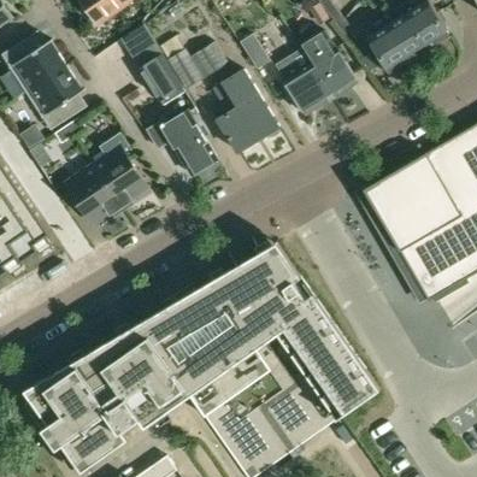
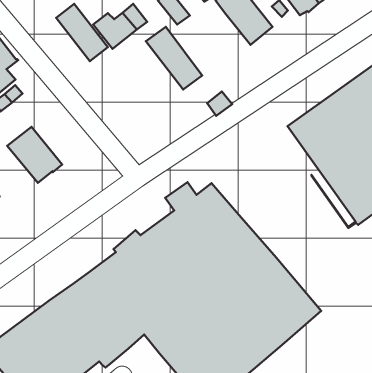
building: [275,54,331,114] -> none
building: [212,83,255,151] -> none
building: [146,106,217,175] -> none
building: [90,131,146,206] -> none

